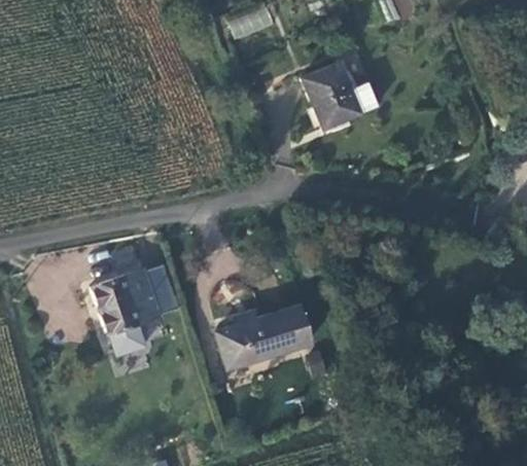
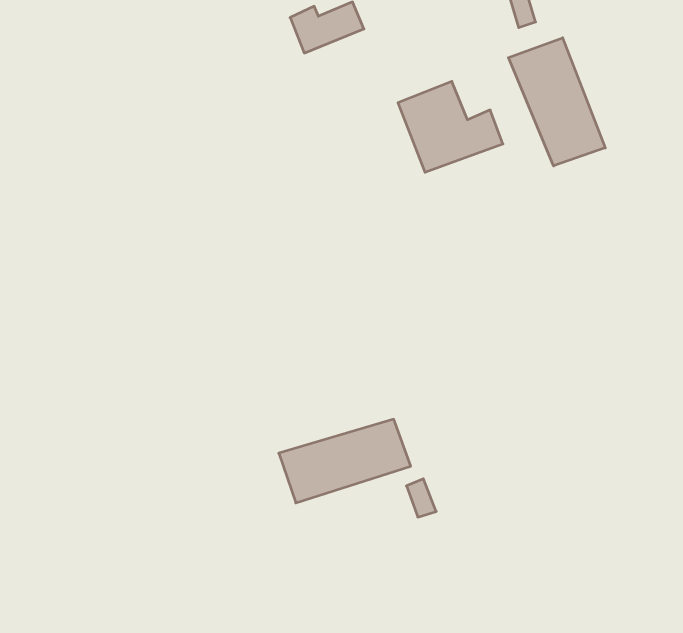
building: none -> [508,38,605,166]
building: [93,270,161,342] -> none

